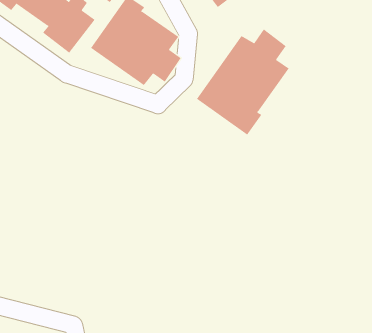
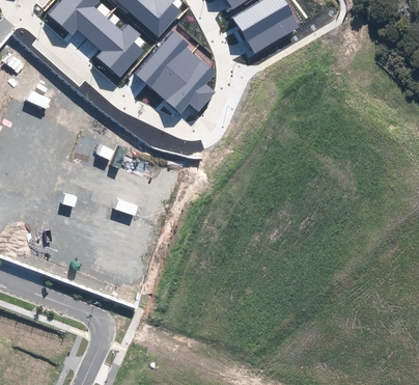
building: [196,29,290,135] -> none

